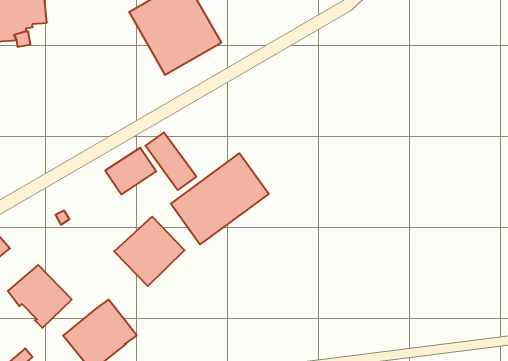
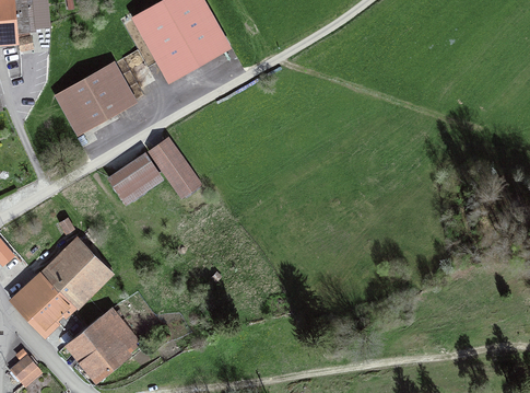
building: none -> [60,63,133,130]
building: [171,153,269,244] -> none
building: [114,217,185,286] -> [40,238,111,308]

